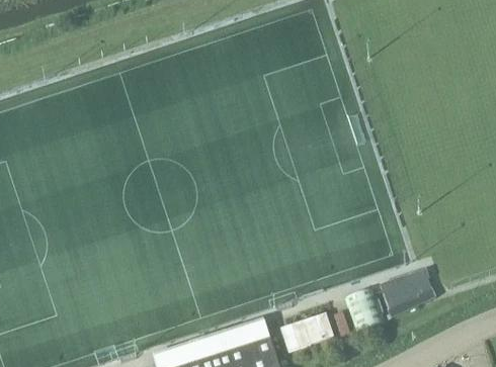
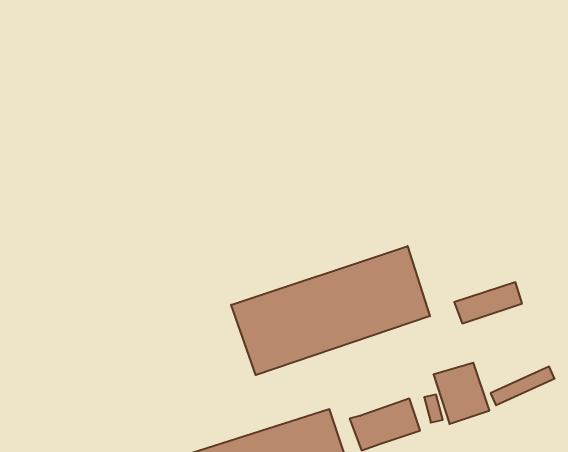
building: none -> [231,246,430,375]
building: [379,269,430,300] -> [454,282,522,323]

